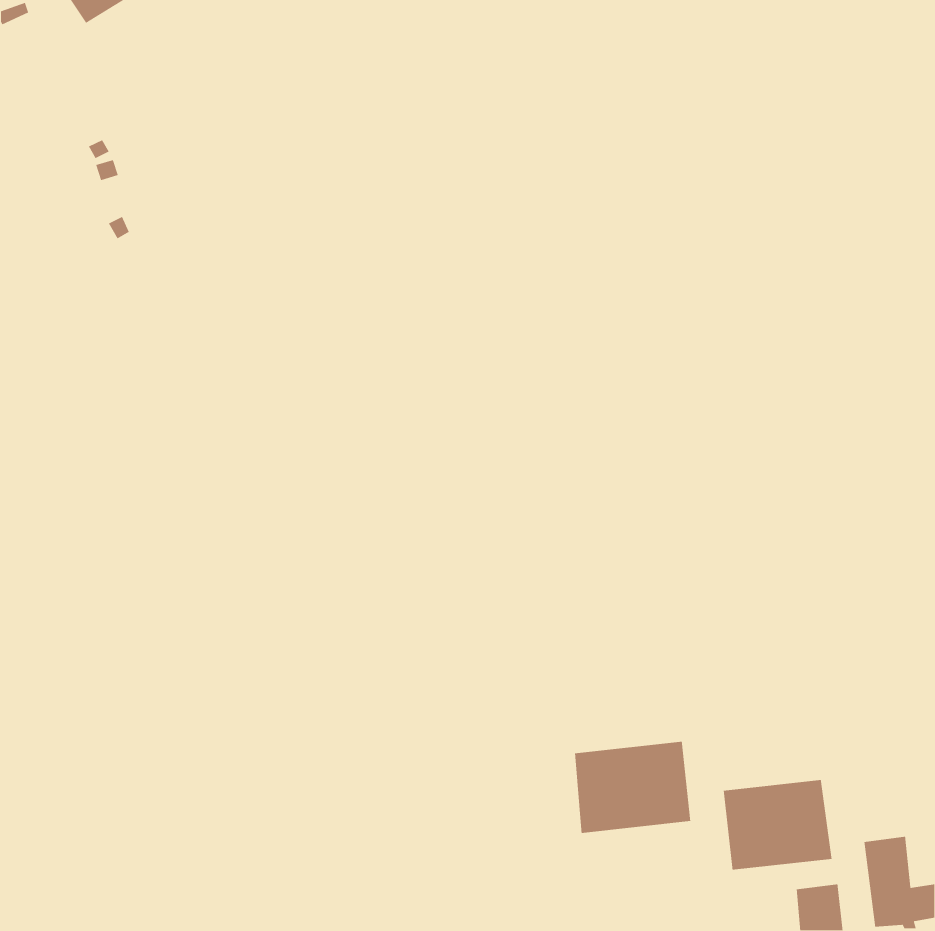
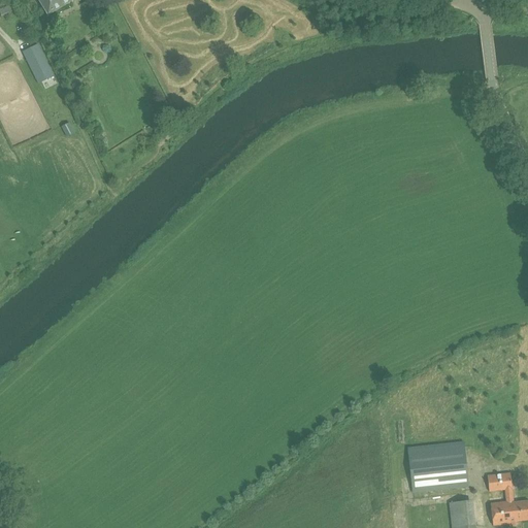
building: none -> [25,45,52,79]
building: [574,741,691,834] -> none

